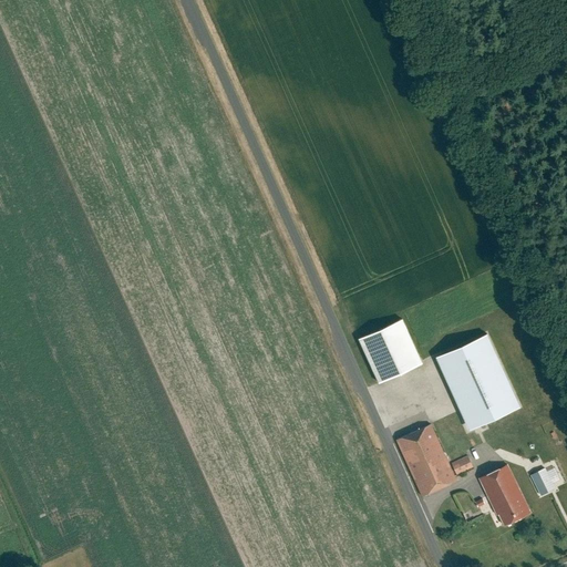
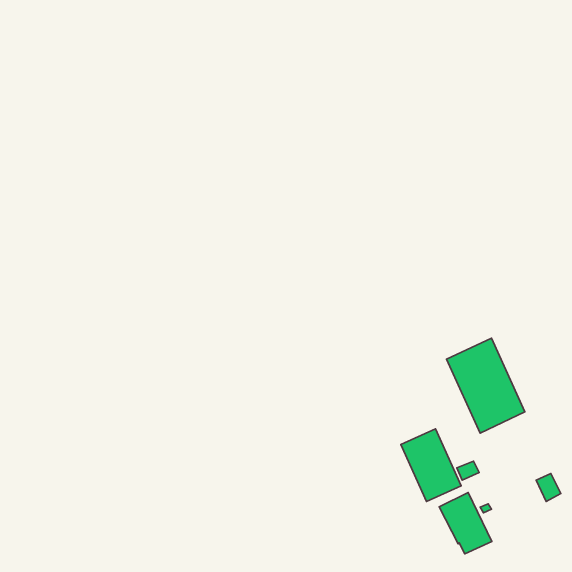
building: [358,319,422,383] -> none
building: [478,464,530,525] -> [439,492,492,554]

